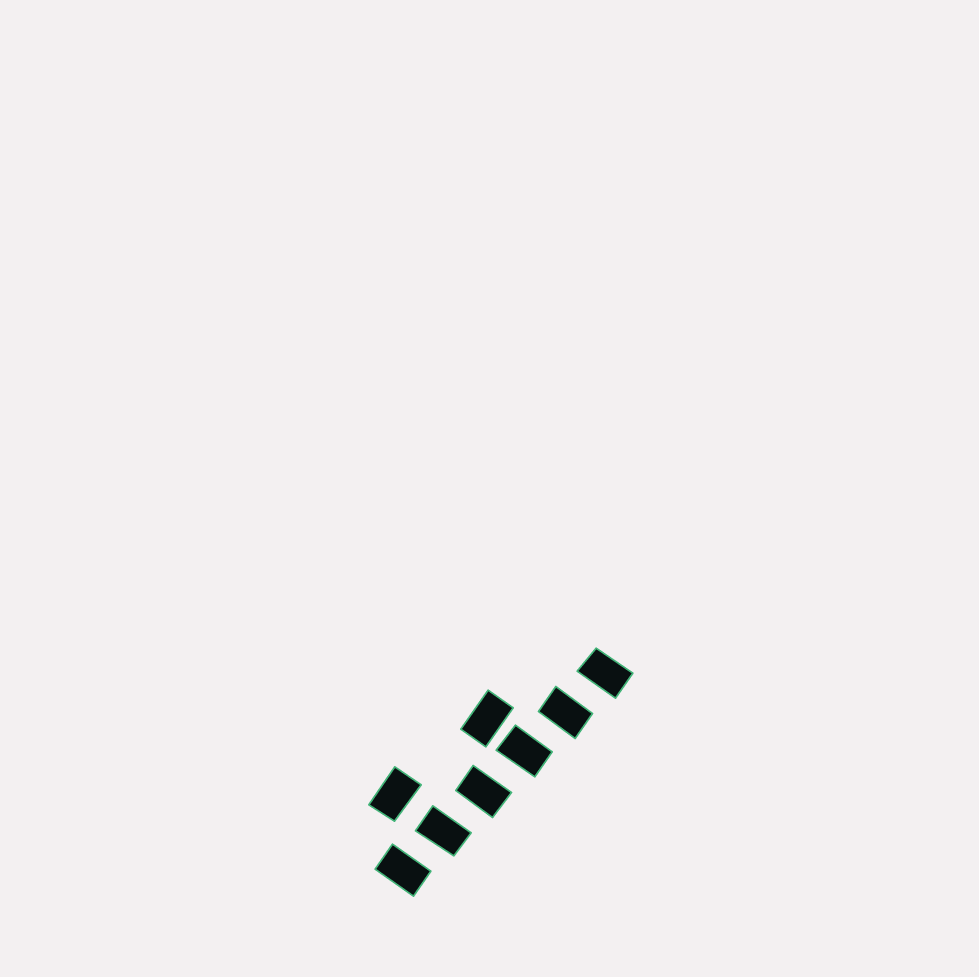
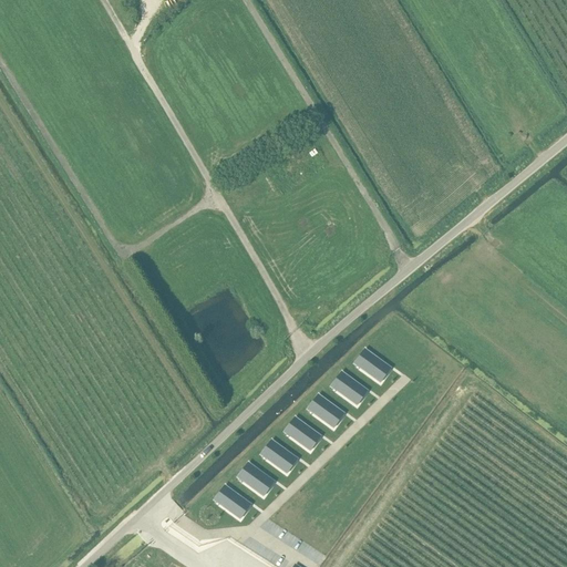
building: none -> [357,350,388,379]
building: [461,690,513,747] -> none
building: [369,767,421,821] -> none

